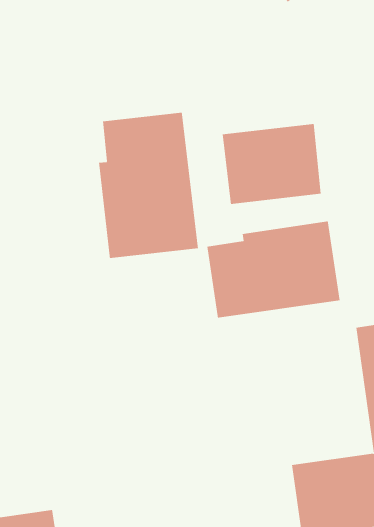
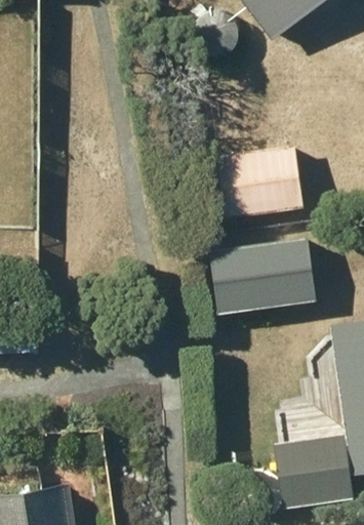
building: [99,112,198,259] -> none

